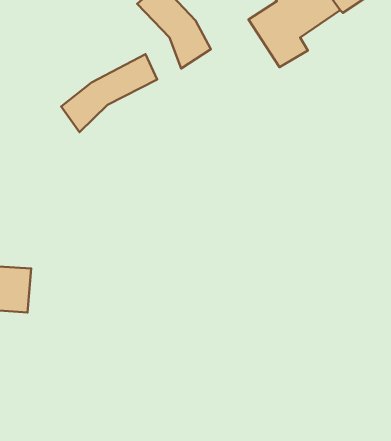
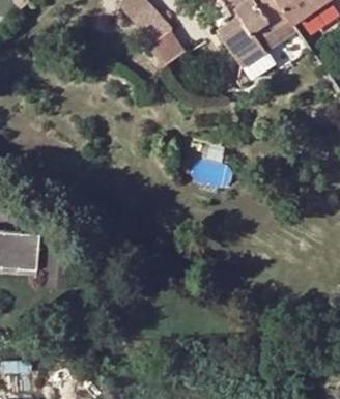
building: [61,54,157,132] -> none

